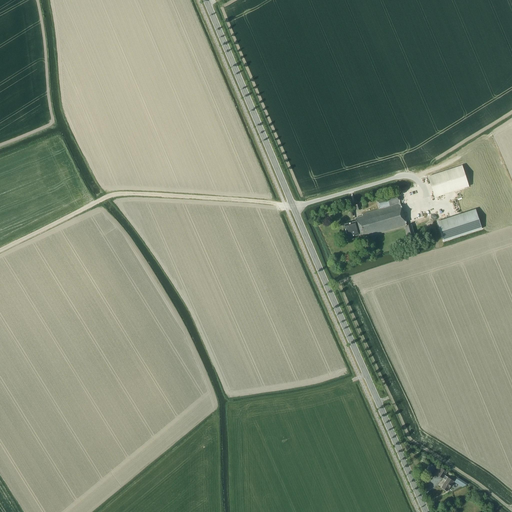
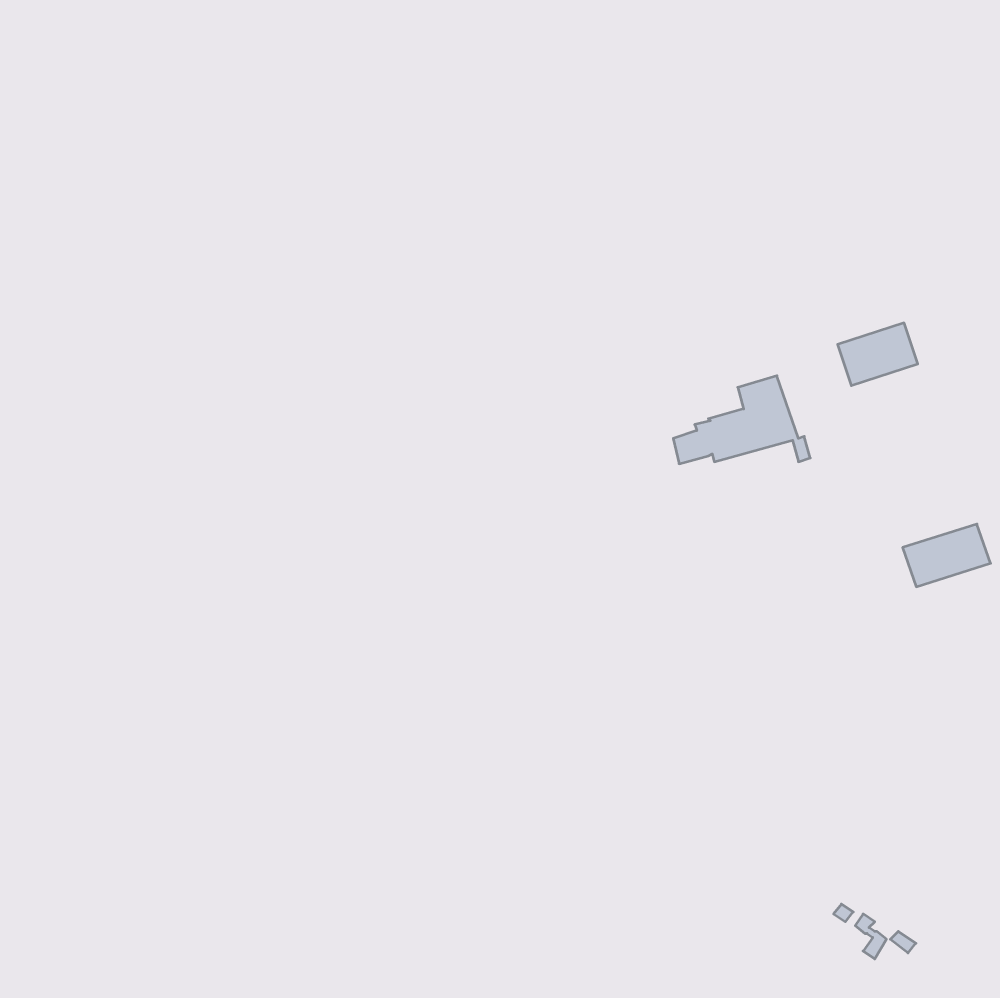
building: [437,208,482,240] -> [903,524,991,587]

